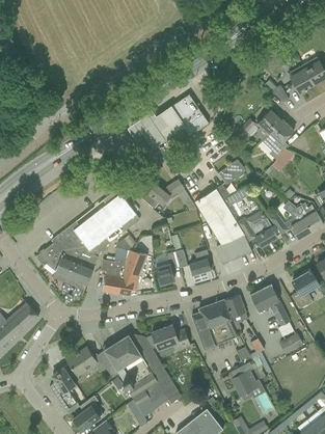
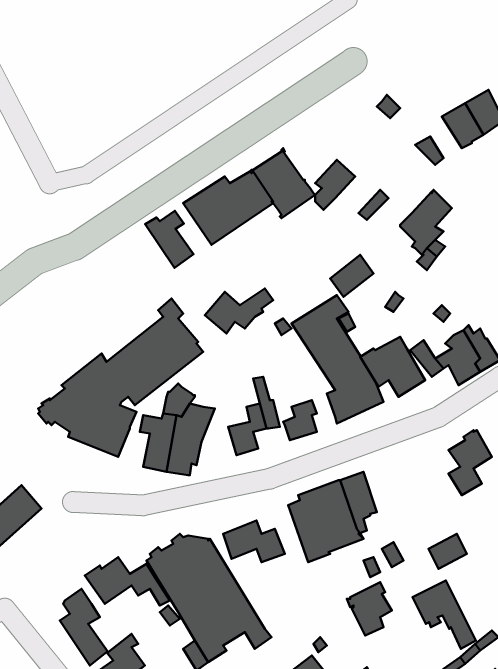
building: [256,110,281,141] -> [315,160,355,210]
building: none -> [145,211,193,268]
building: [250,284,290,327] -> [413,580,476,649]

